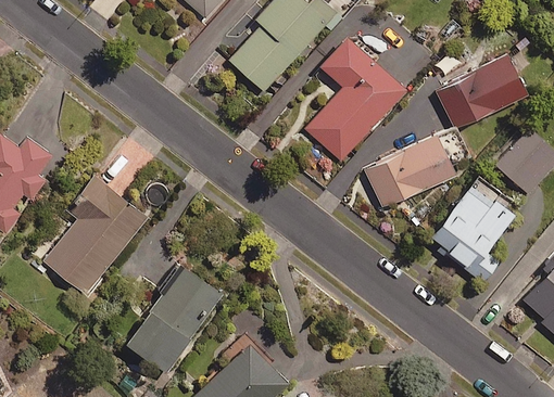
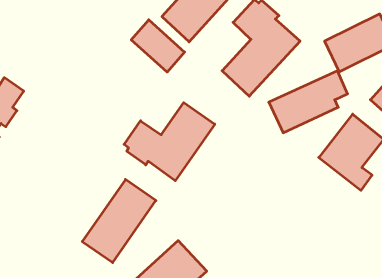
building: none -> [131,20,185,72]
building: none -> [124,103,215,181]
building: [42,177,146,296] -> none

